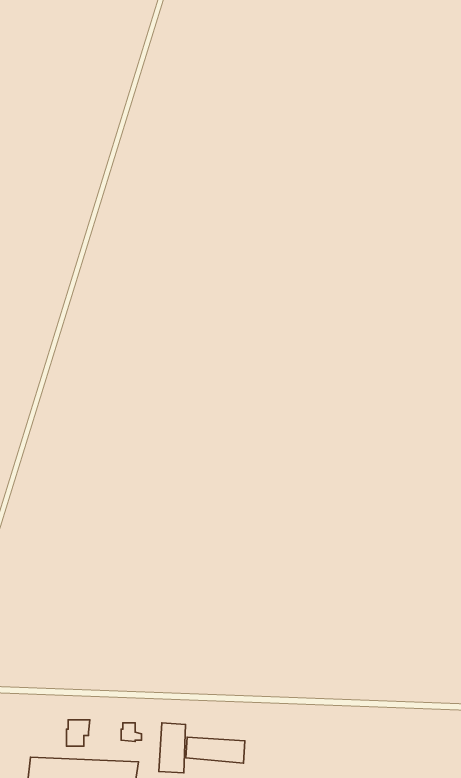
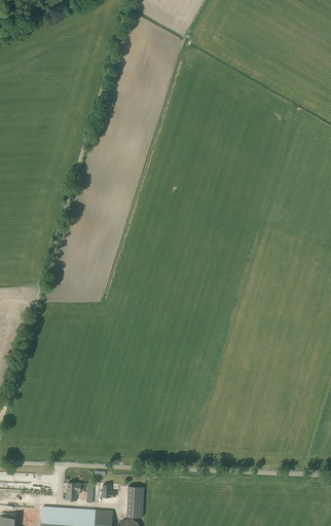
building: [186,737,245,763] -> none

